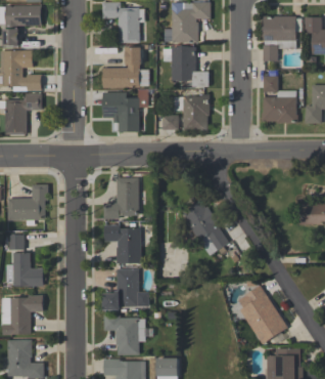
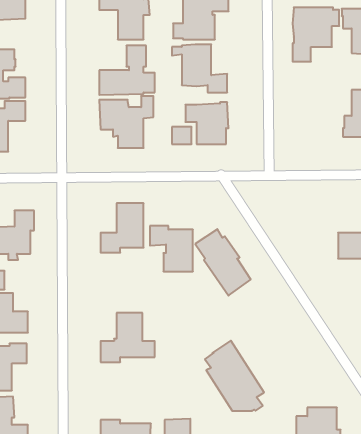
building: [262,76,297,123] -> none
building: [104,225,140,263] -> [150,226,193,271]
building: [238,285,287,343] -> [205,341,264,411]
building: [103,314,145,354] -> none

